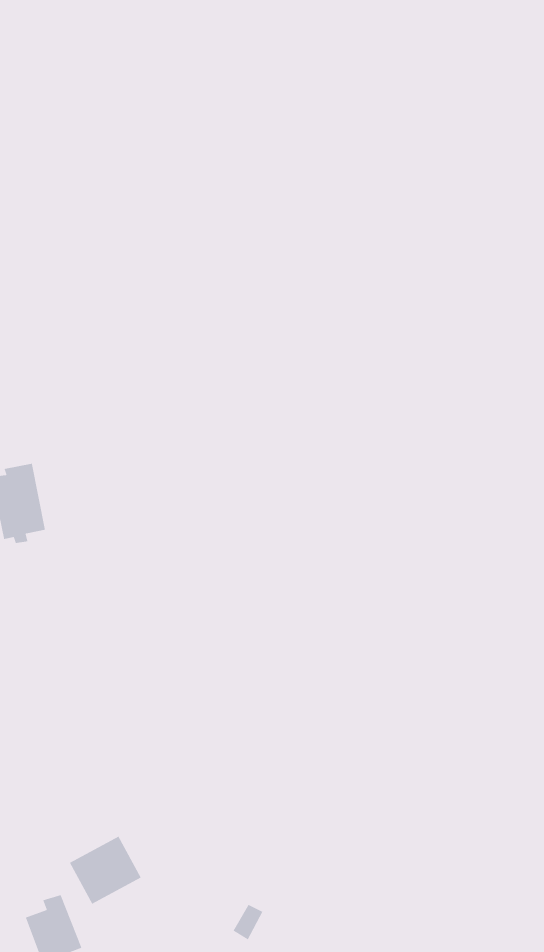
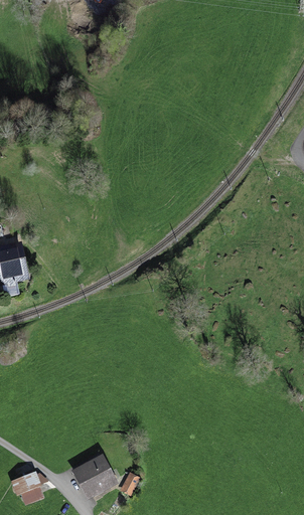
building: [69,836,142,905] -> [77,459,115,495]

